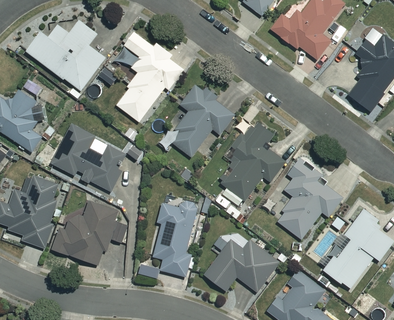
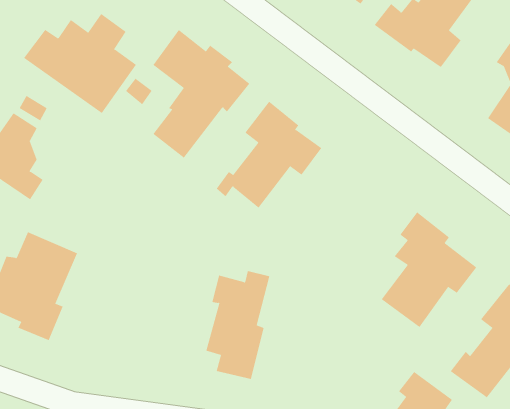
building: [220,120,285,200] -> none
building: [51,123,124,191] -> none
building: [52,201,127,265] -> none
building: [204,235,279,292] -> none

